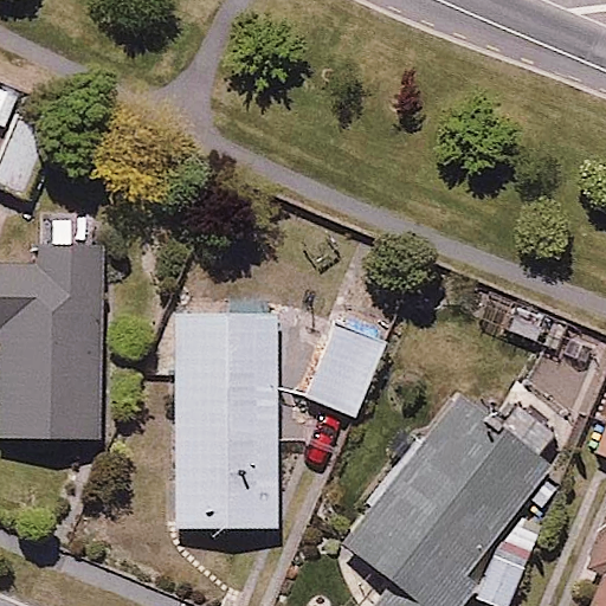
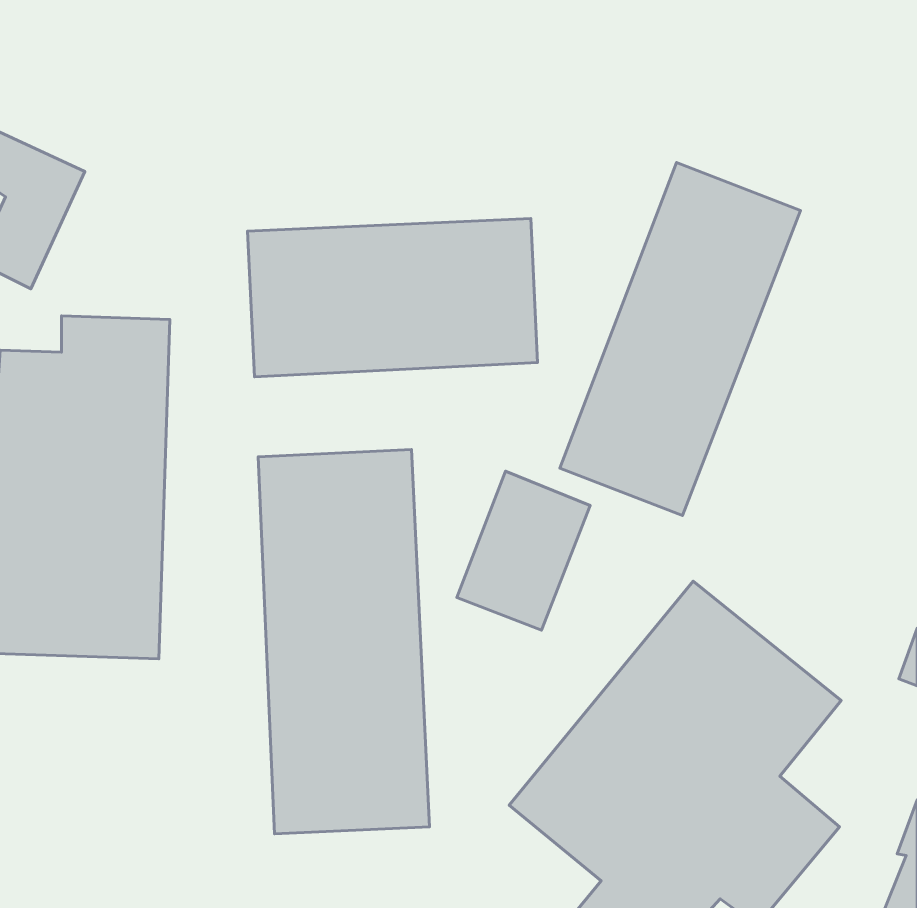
building: none -> [560,163,800,515]
building: none -> [248,218,537,377]

